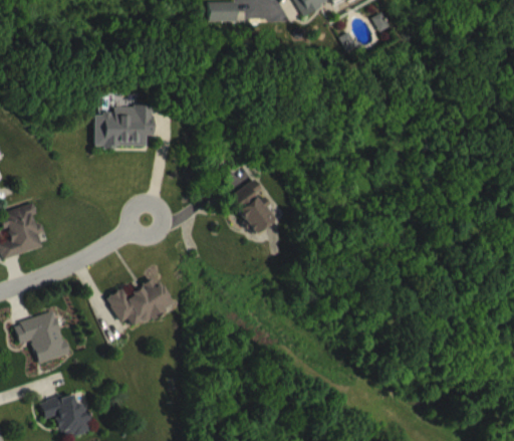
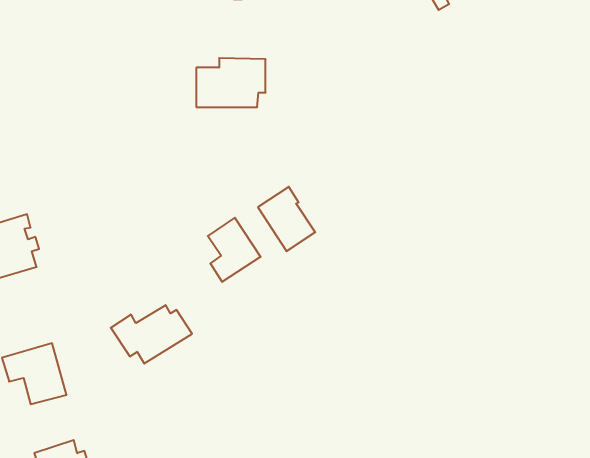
building: [93,105,152,147] -> [196,58,266,107]
building: none -> [208,218,261,282]

